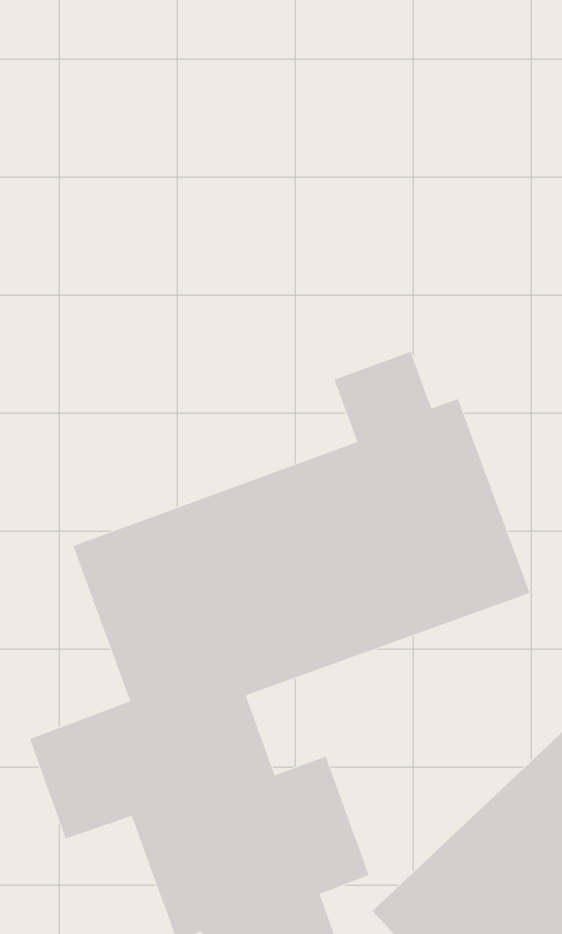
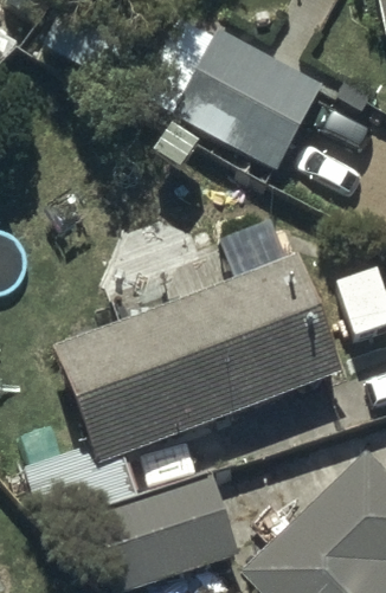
building: none -> [167,26,322,168]

